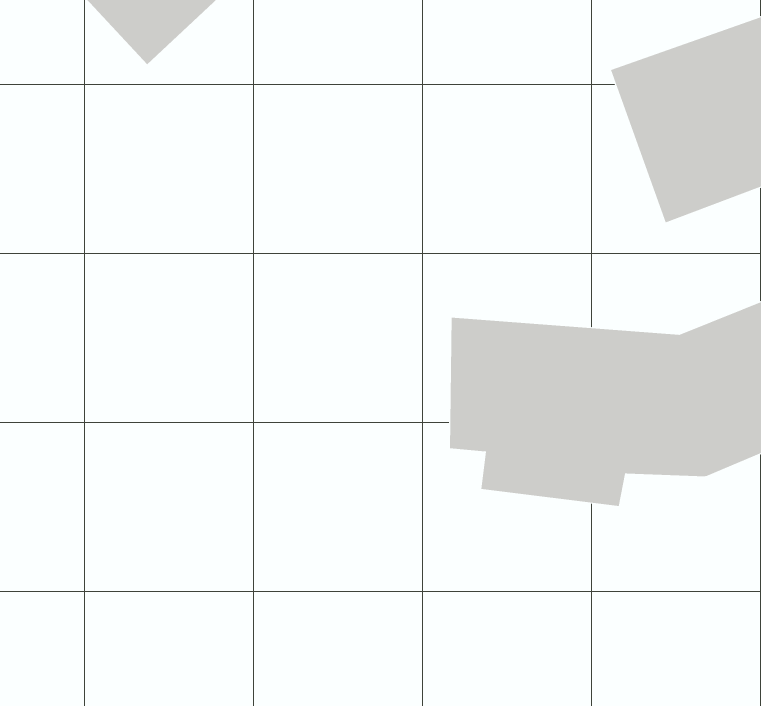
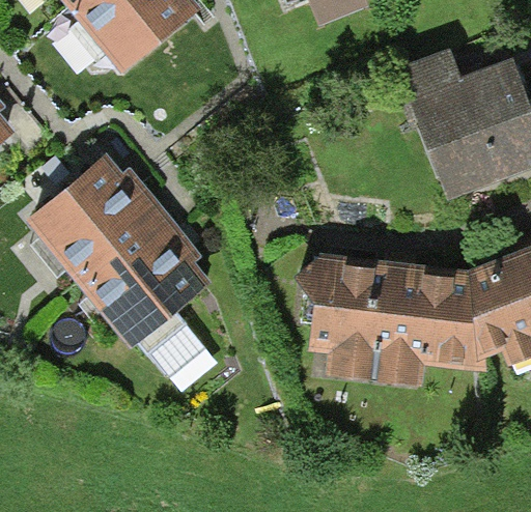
building: none -> [22,169,211,365]

